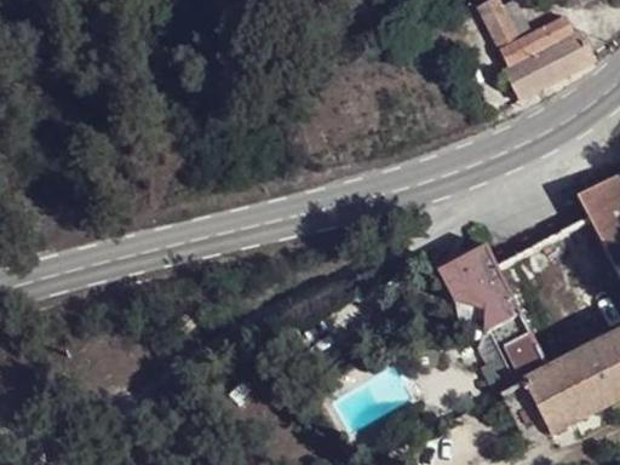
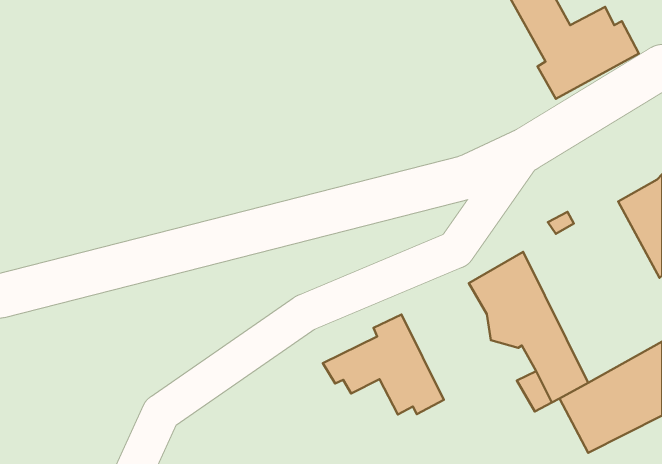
building: none -> [323,314,444,415]

